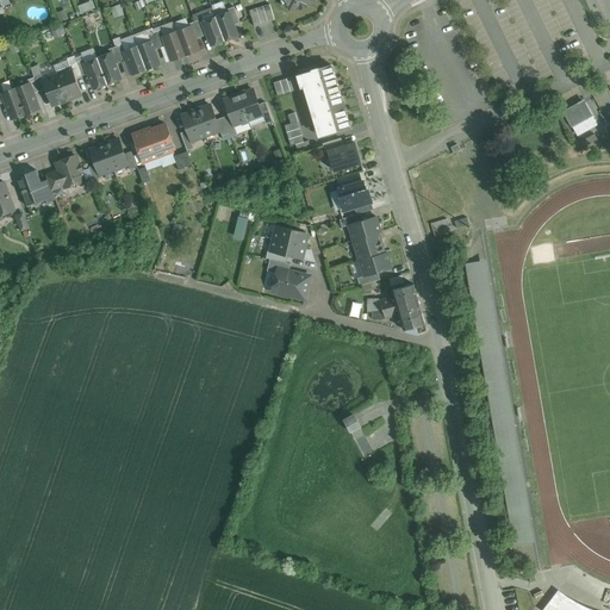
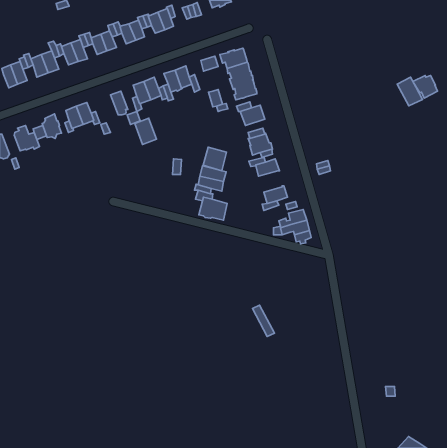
building: none -> [397,77,423,106]
building: [131,127,161,163] -> [135,118,157,144]
building: none -> [203,147,226,171]
building: [351,232,384,261] -> none

